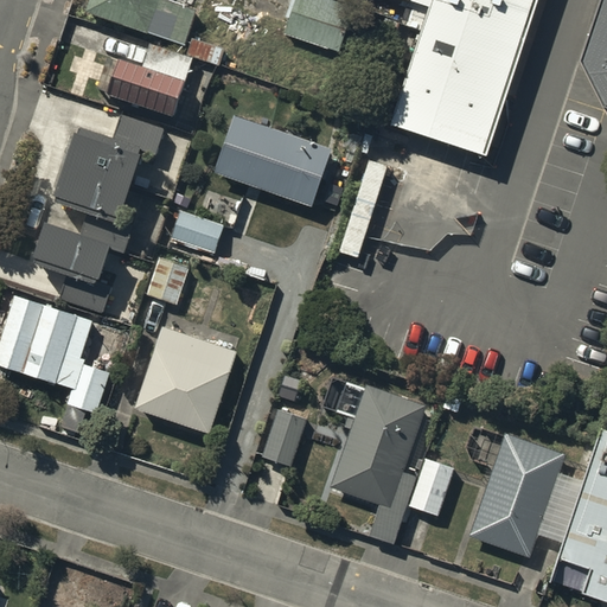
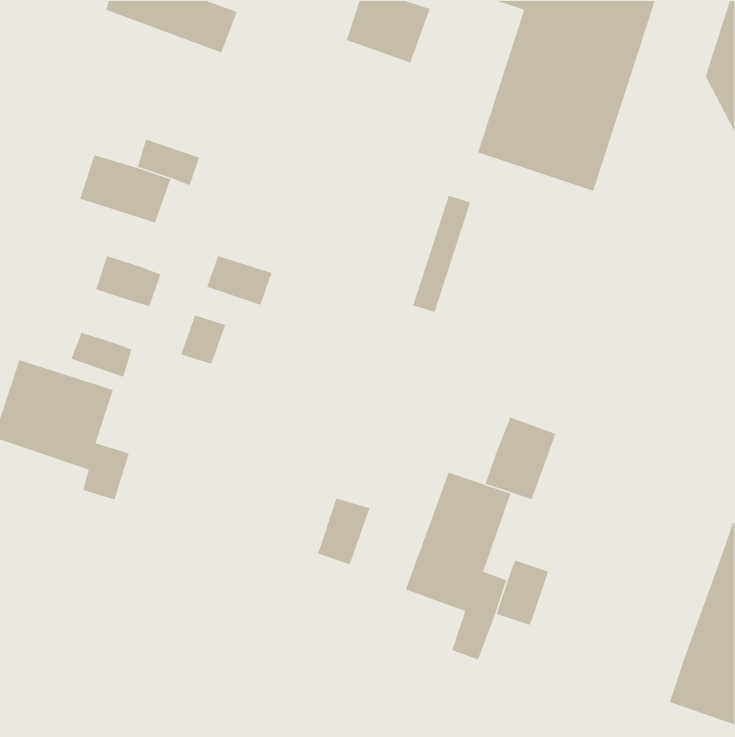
building: [109,59,184,115] -> none
building: [215,117,328,204] -> none
building: [53,164,128,219] -> none
building: [32,226,108,282] -> none
building: [136,328,232,430] -> none
building: none -> [485,416,557,500]
building: [471,434,562,552] -> none

